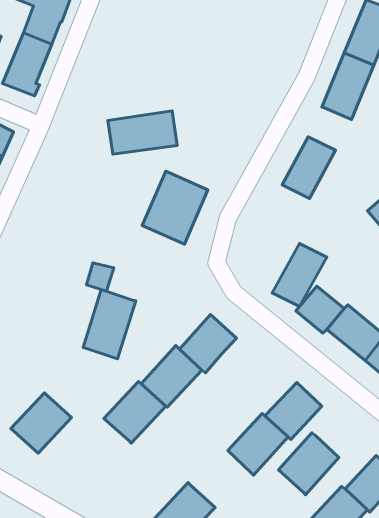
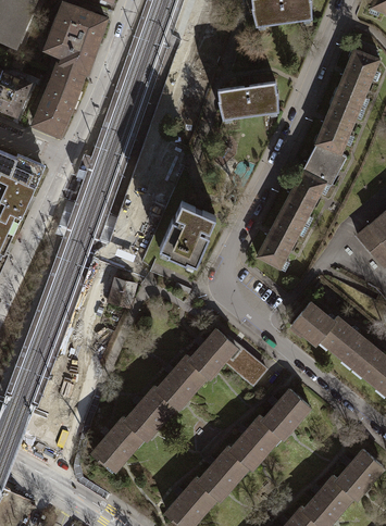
building: none -> [302,145,343,184]
building: [108,111,177,154] -> [216,83,277,121]
building: [272,244,327,307] -> [256,213,303,268]
building: [83,290,136,359] -> none
building: none -> [226,348,266,384]
building: [11,393,72,453] -> [91,416,145,469]
building: [278,433,339,495] -> [199,444,252,499]

